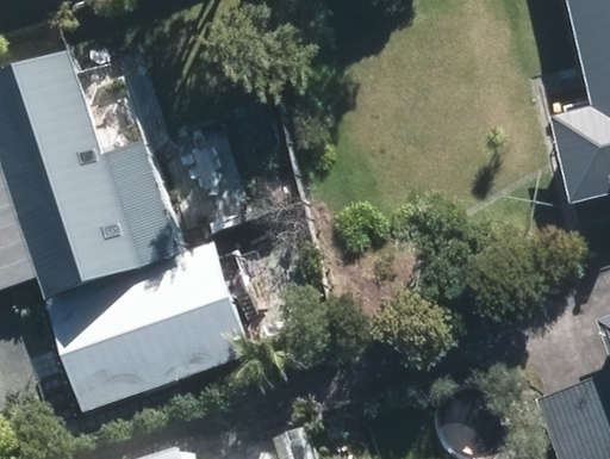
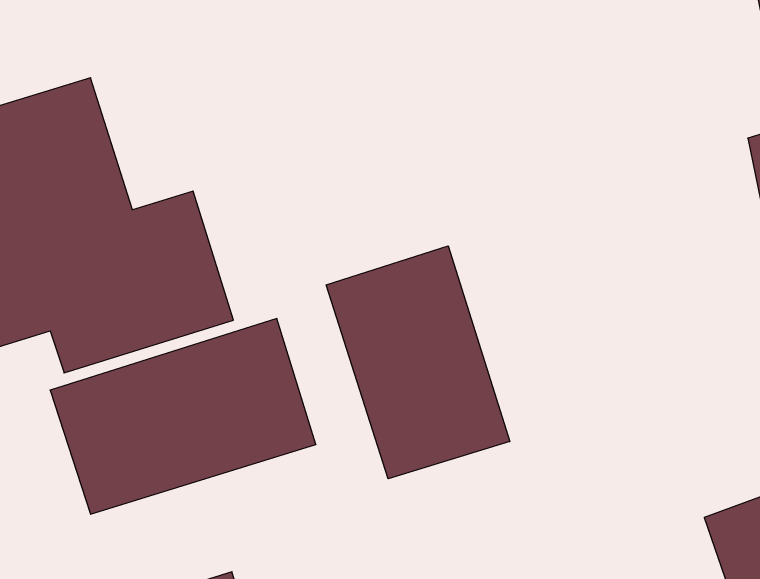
building: none -> [326,246,510,479]

